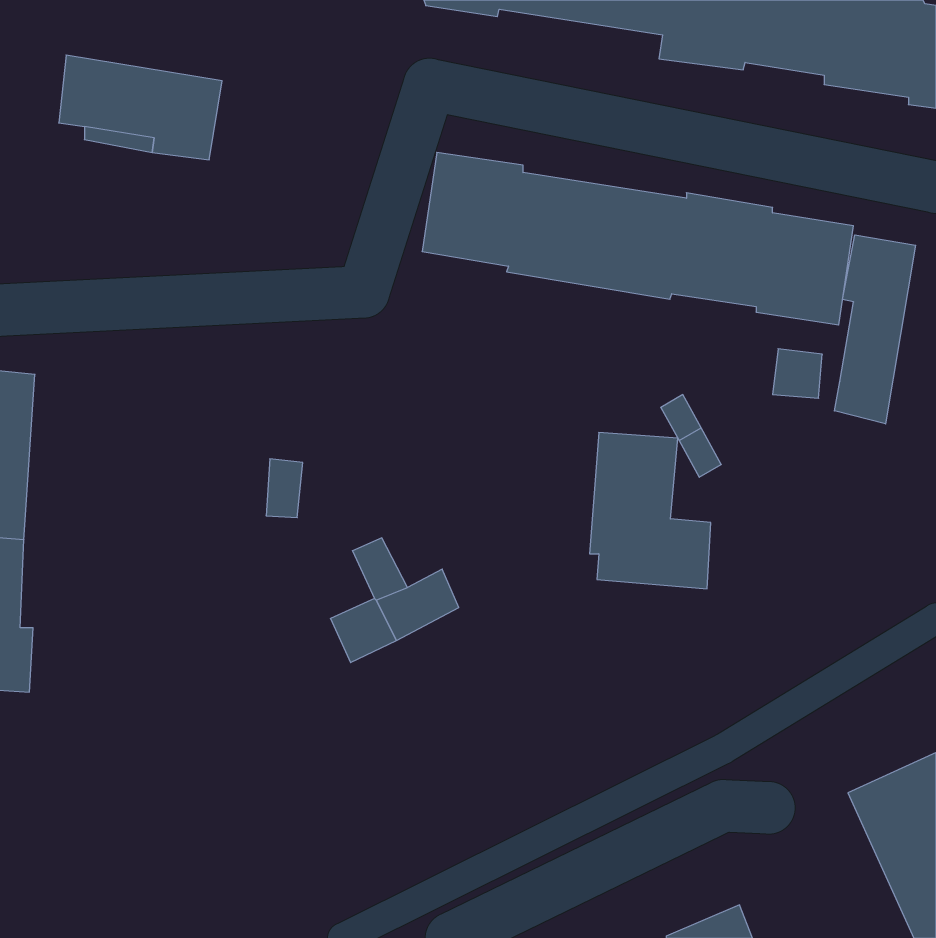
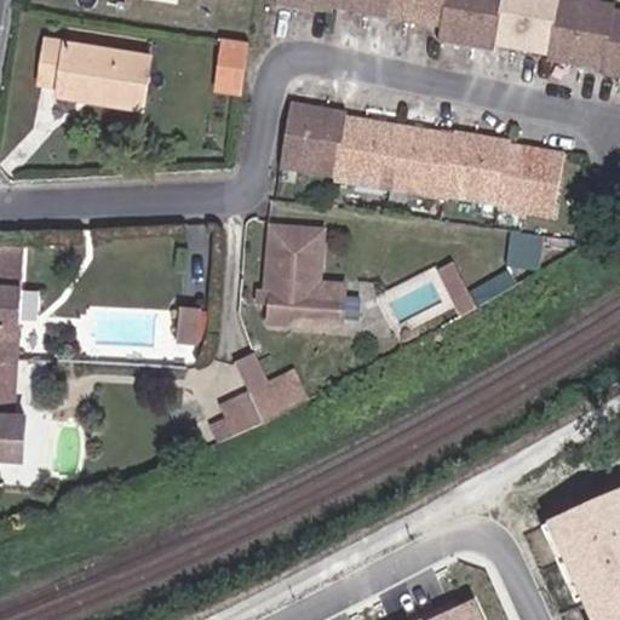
building: none -> [216,36,246,91]
building: [834,235,916,424] -> none
building: [590,433,711,589] -> [263,228,343,331]

